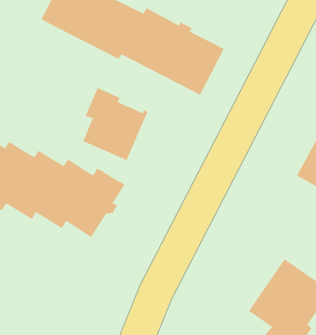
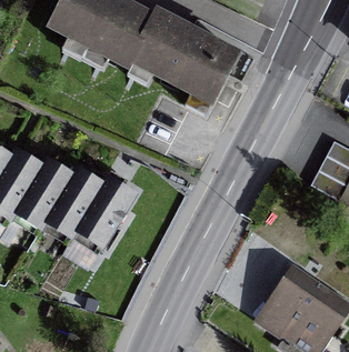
building: [83,87,148,161] -> none

